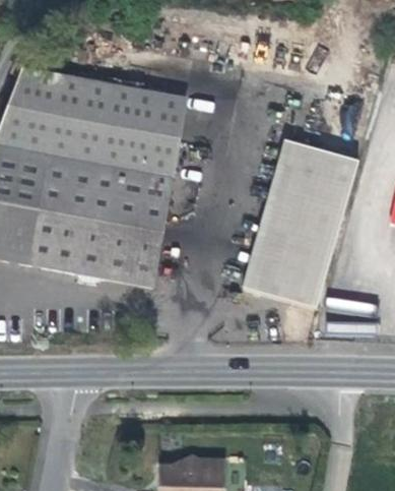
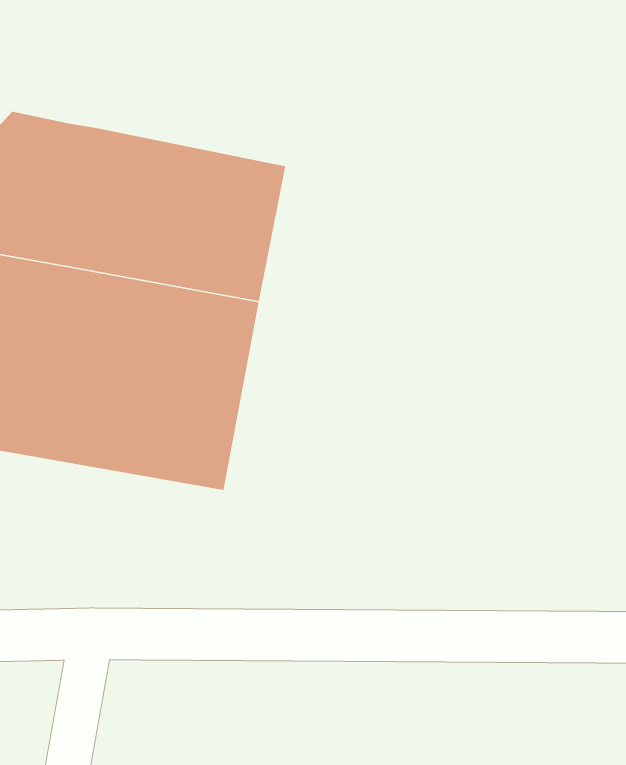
building: [246,142,355,309] -> none

